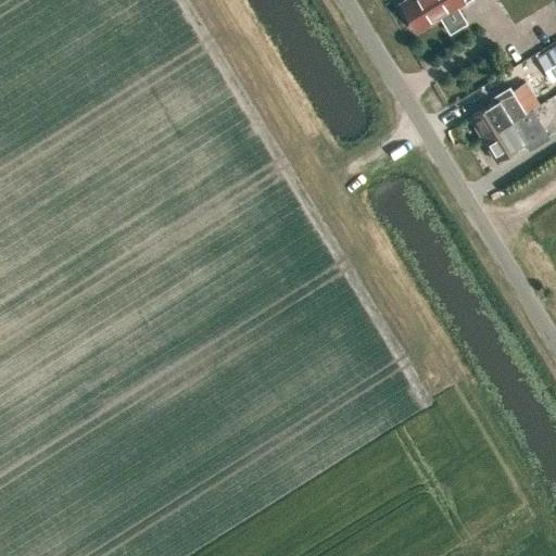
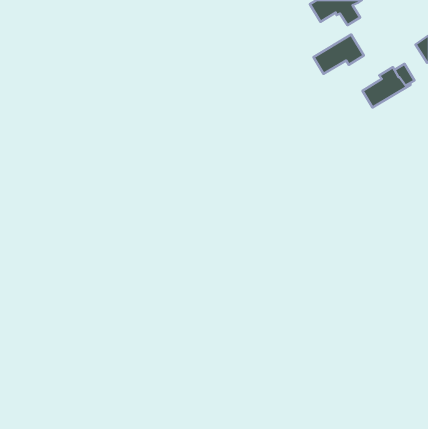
building: [483,110,548,161] -> [314,34,364,74]

